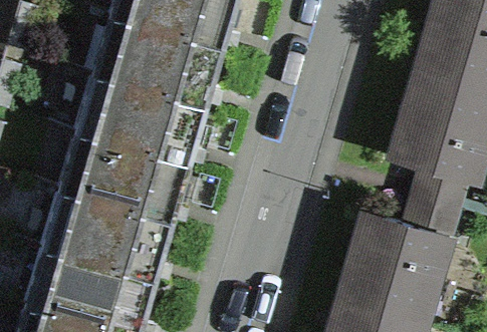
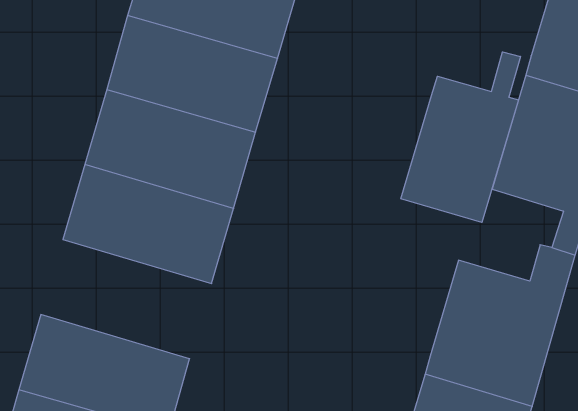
building: none -> [401,52,520,222]
building: [42,194,175,286] -> none

